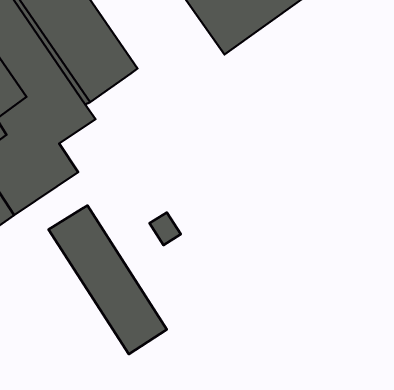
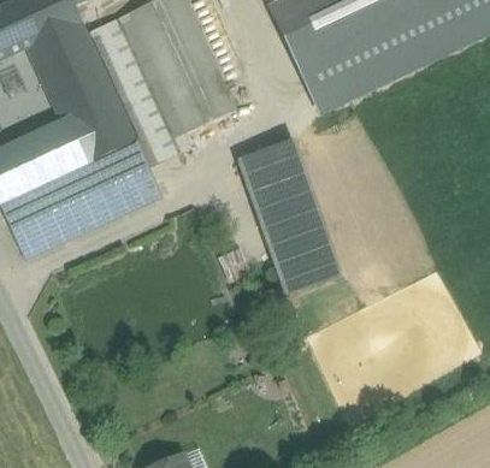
building: none -> [237,138,341,295]
building: [49,206,167,354] -> none

